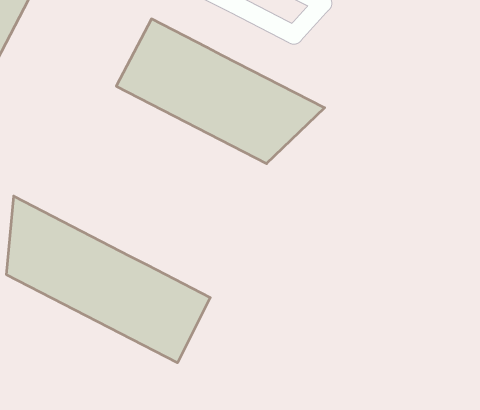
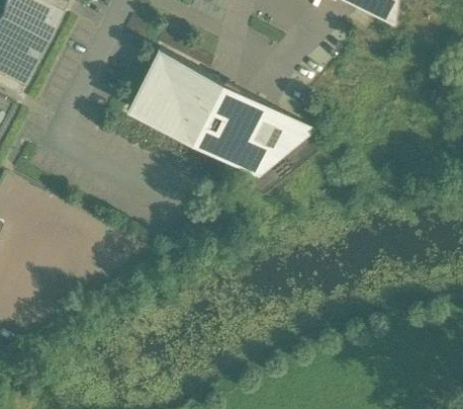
building: [7,196,210,363] -> none

